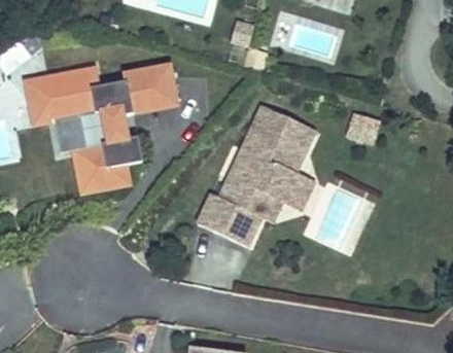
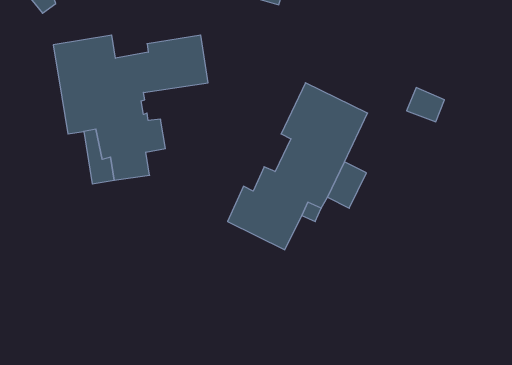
building: [30,73,58,120] -> none

